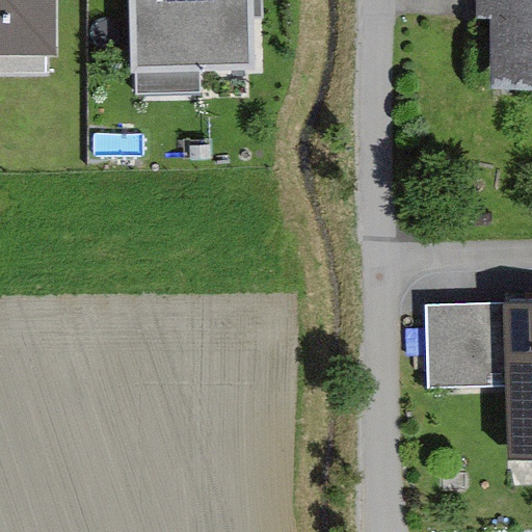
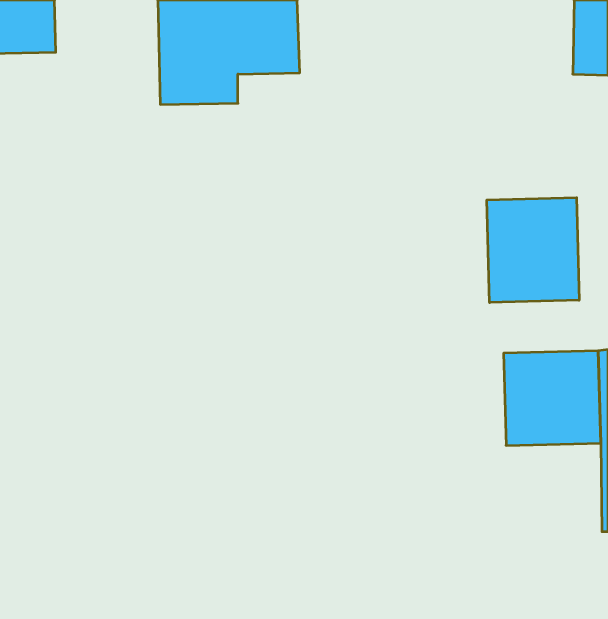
building: none -> [487,198,579,303]

